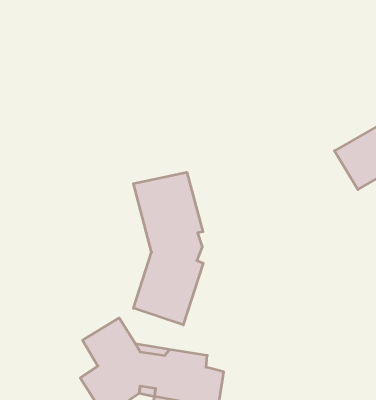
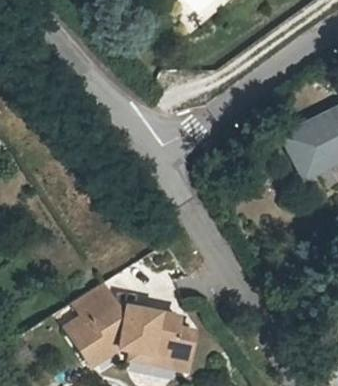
building: [133,172,203,325] -> none

